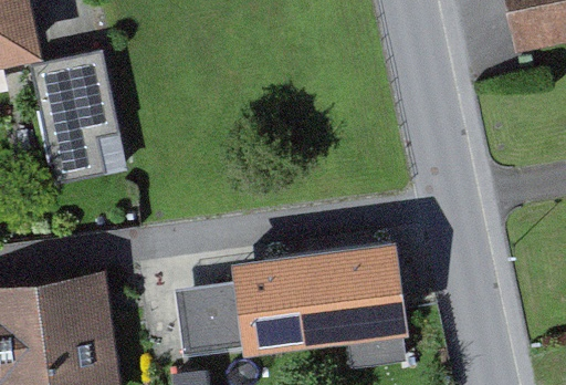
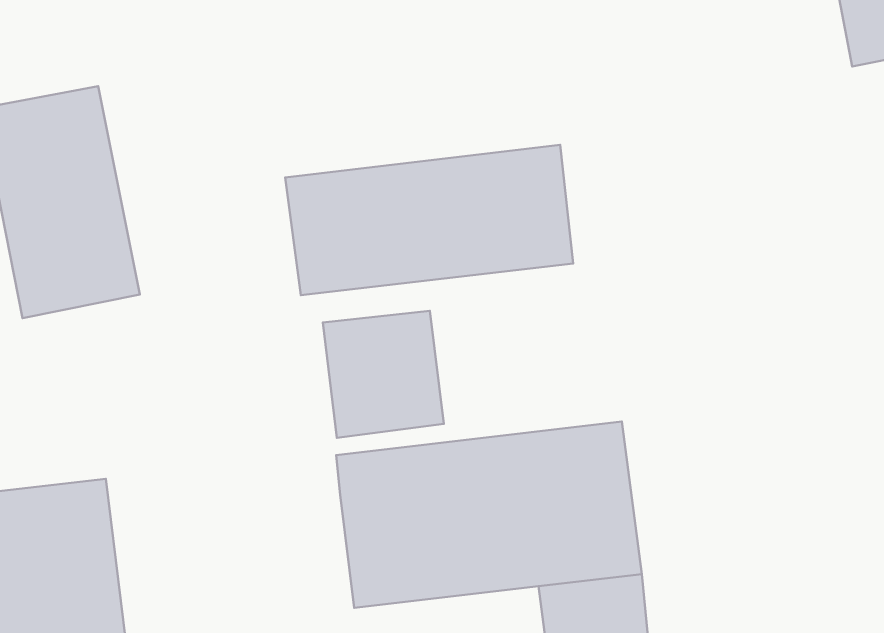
building: none -> [285,145,573,295]
building: [178,284,245,355] -> [323,311,444,438]

